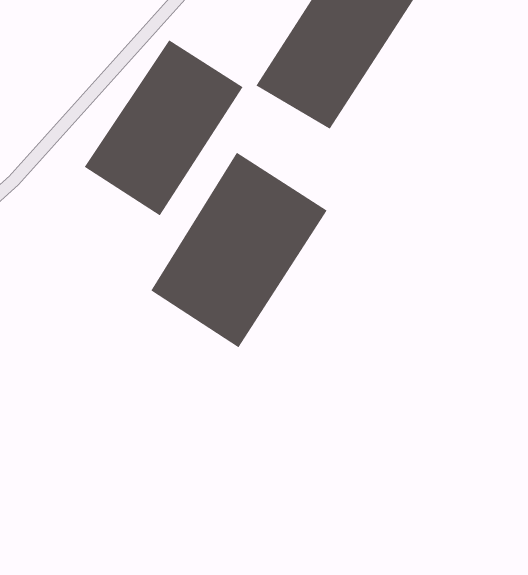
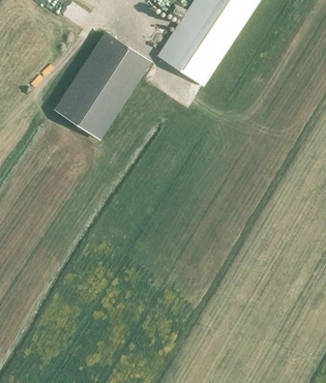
building: [150,152,327,348] -> none

